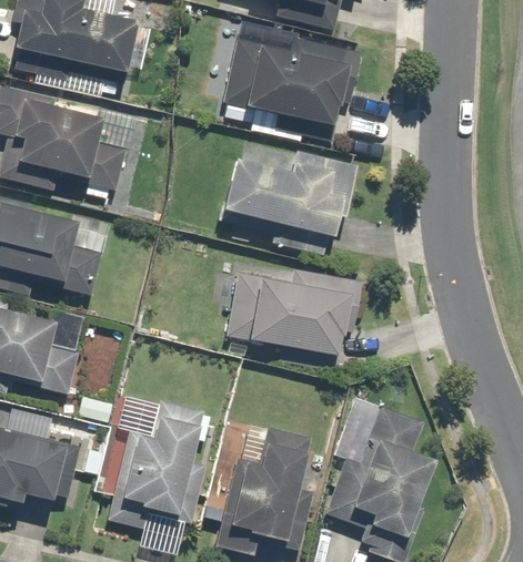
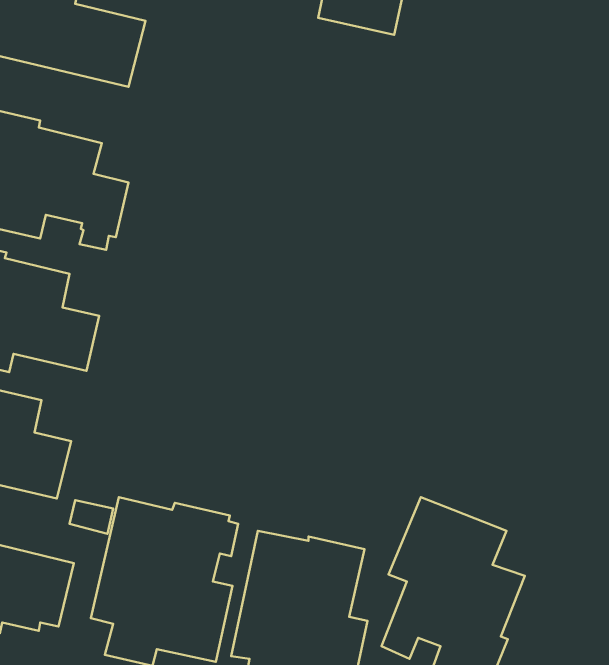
building: [223,38,363,125] -> none
building: [223,151,359,234] -> none
building: [228,270,363,355] -> none

